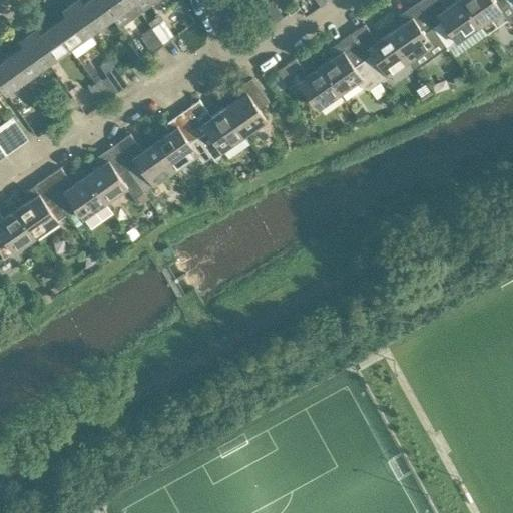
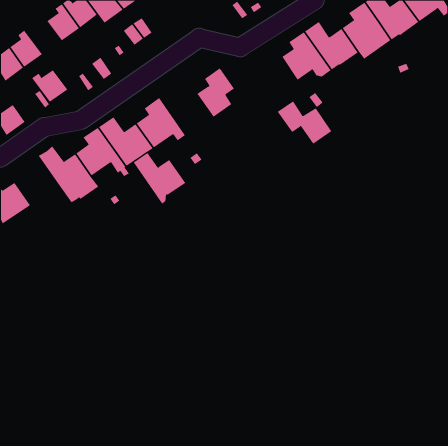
building: [28,26,70,64] -> [31,69,68,103]
building: [277,59,340,109] -> [277,101,332,144]
building: [182,101,243,161] -> [133,152,186,205]
building: [17,180,67,236] -> none

